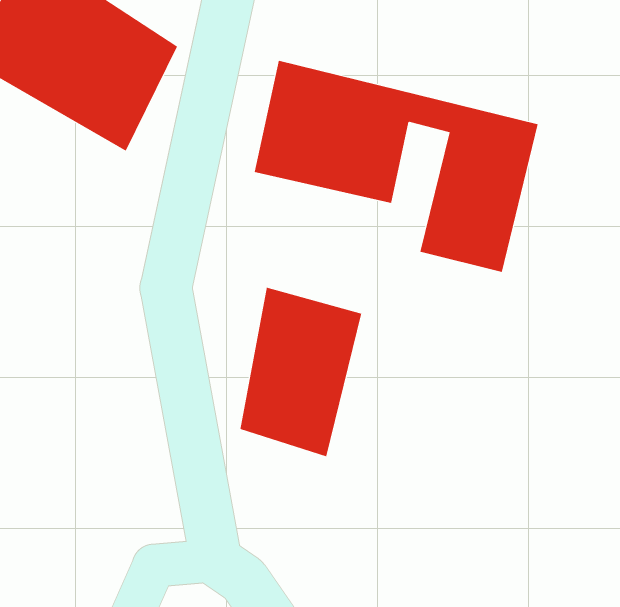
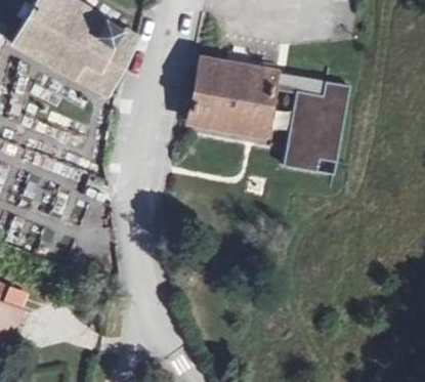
building: [240,287,362,457] -> none

